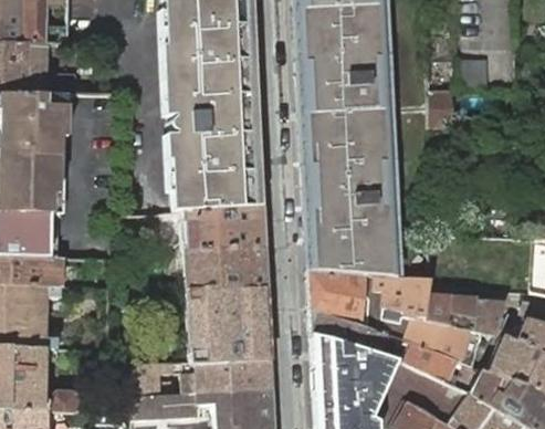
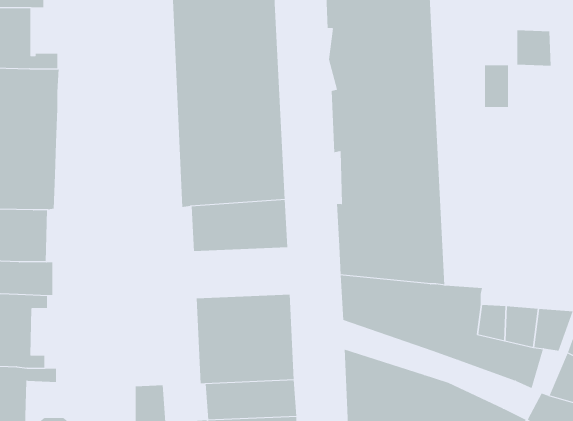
building: [182,245,265,289] -> none
building: [310,307,386,354] -> none
building: [400,342,457,383] -> none

